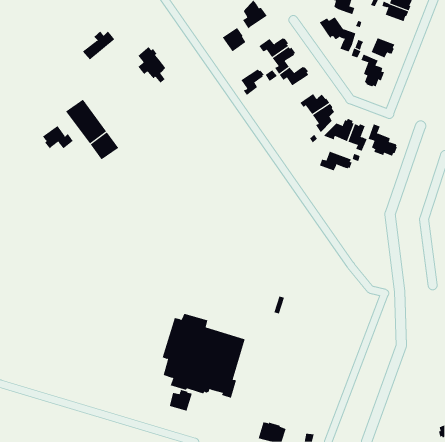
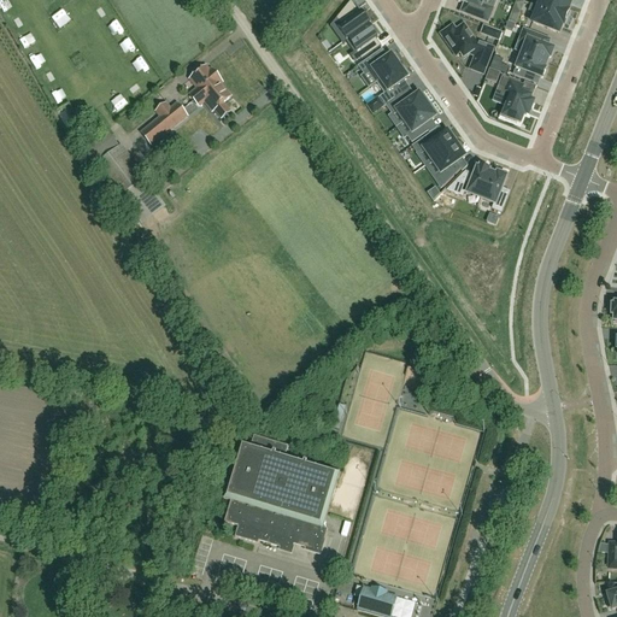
building: none -> [521,28,554,61]
building: [222,27,246,52] -> [347,23,381,58]
building: [82,31,115,60] -> [141,101,187,142]
building: [240,69,265,96] -> [404,104,437,141]
building: [367,124,397,156] -> none
building: [42,125,73,149] -> none
building: [319,151,353,171] -> none
building: [169,389,193,411] -> none

